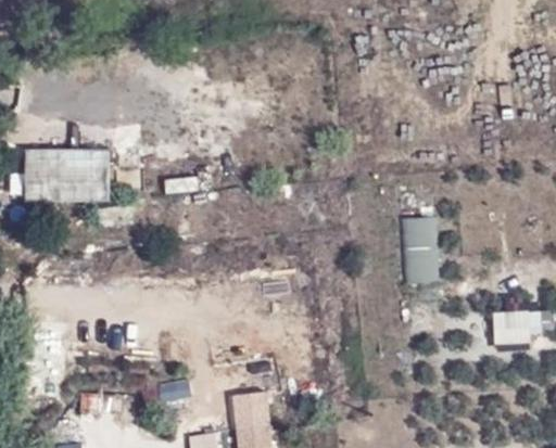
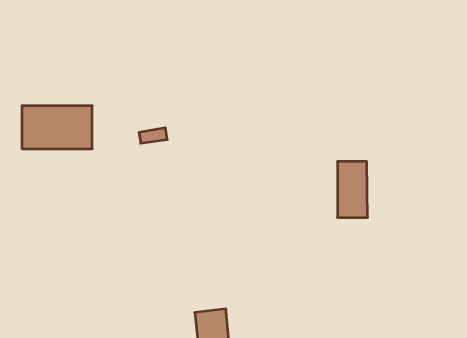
building: [493,309,544,344] -> none

